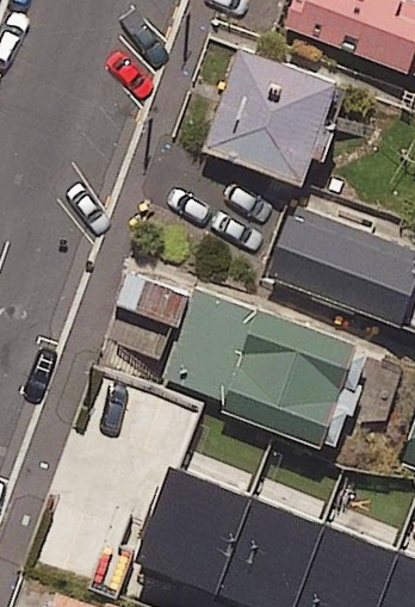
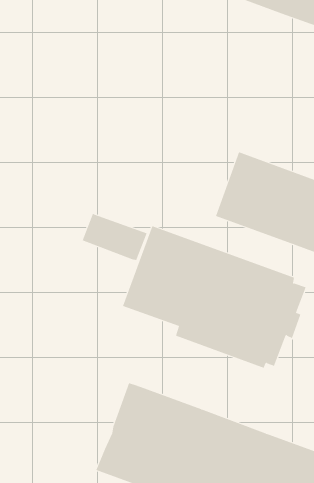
building: [202,49,337,185] -> none

